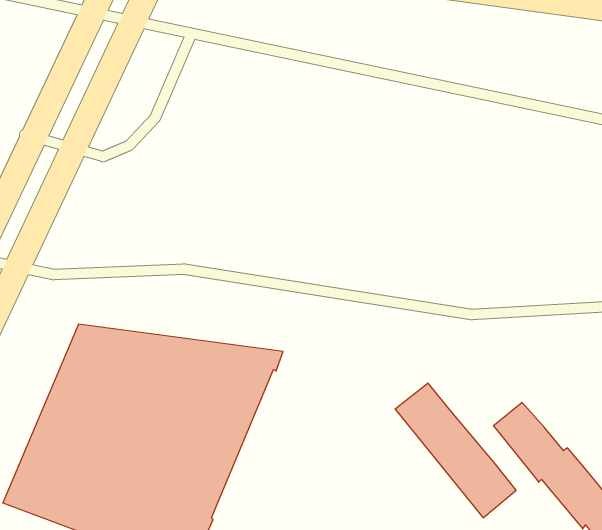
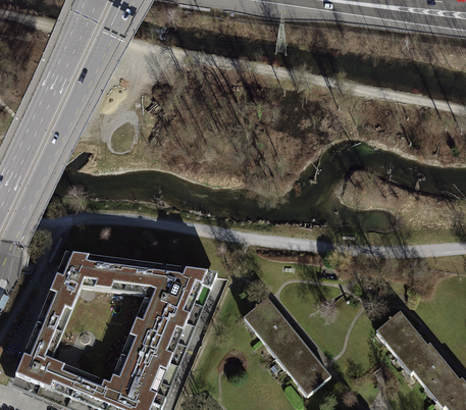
building: [395,383,516,518] -> [242,294,331,394]

